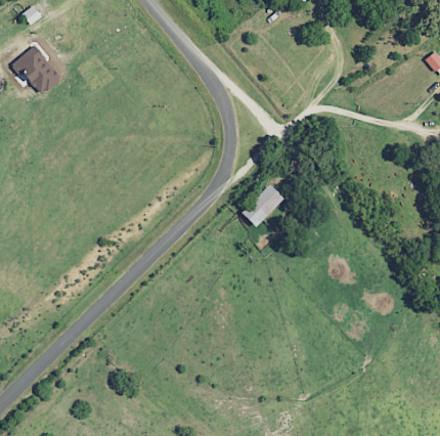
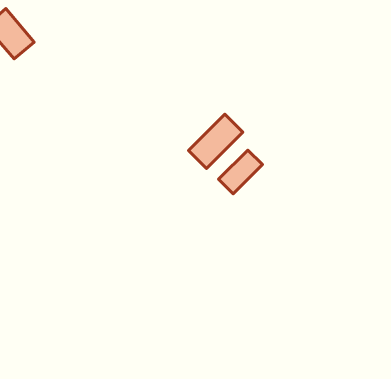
building: none -> [189,114,243,168]

